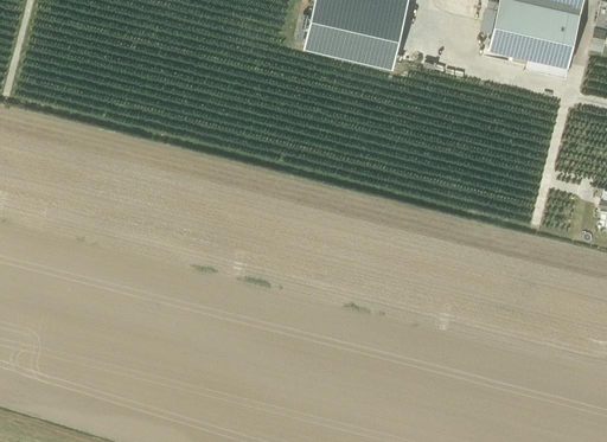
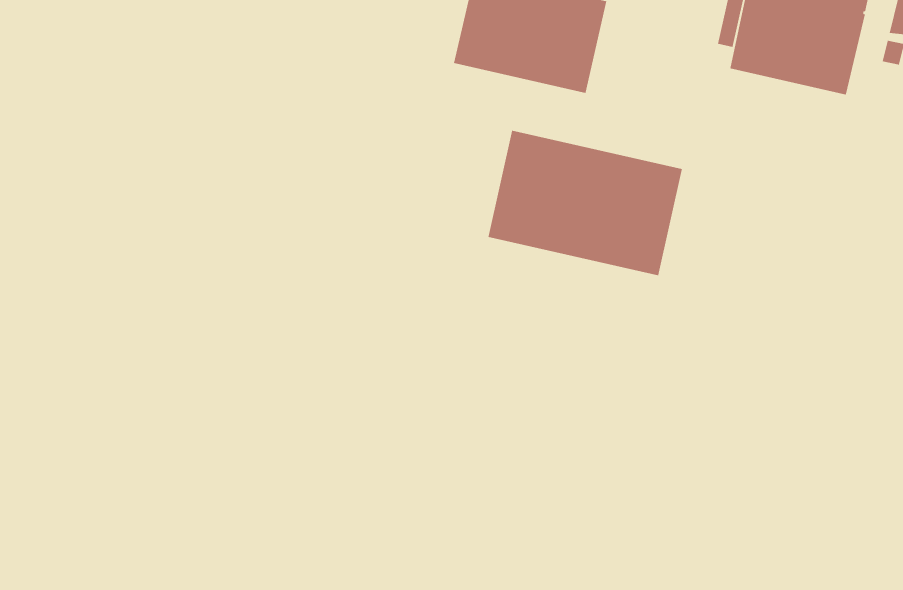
building: none -> [488,130,682,276]

